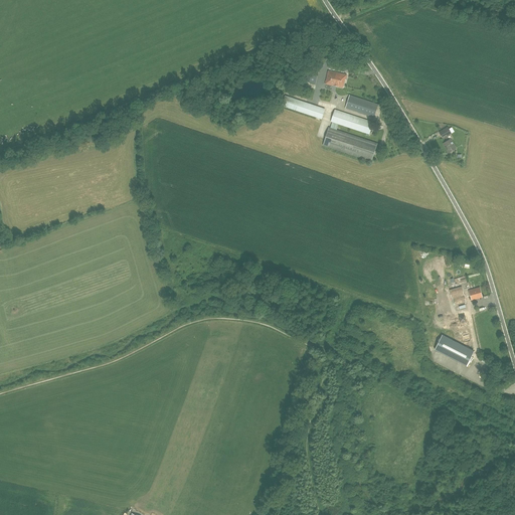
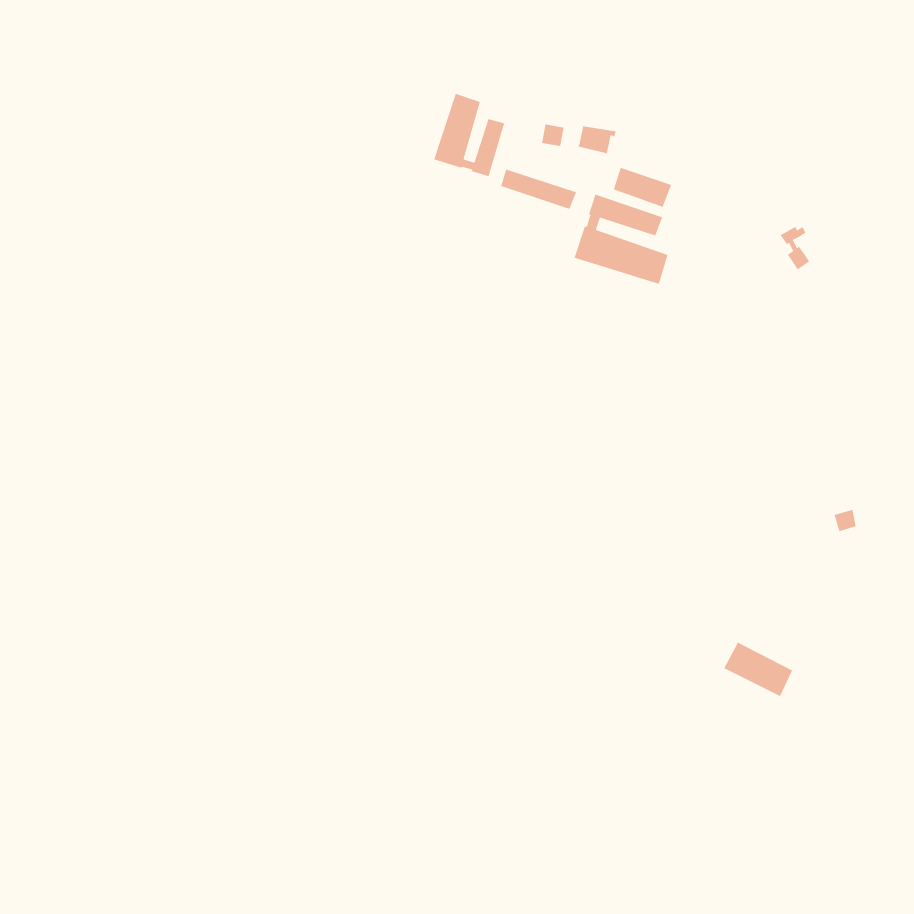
building: none -> [433,93,505,177]
building: [434,334,473,365] -> [723,642,793,697]

